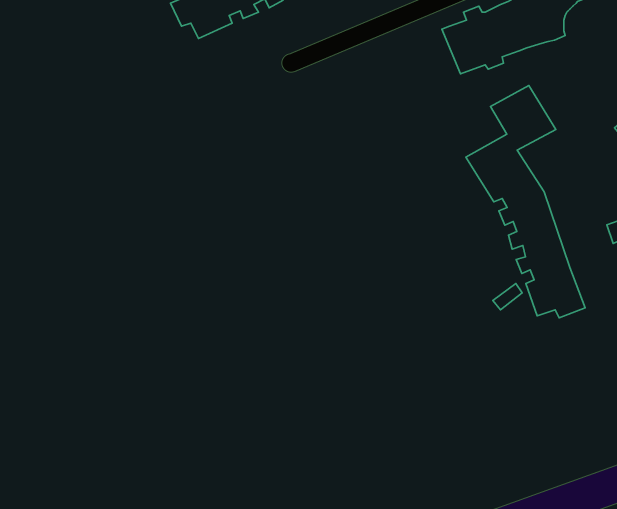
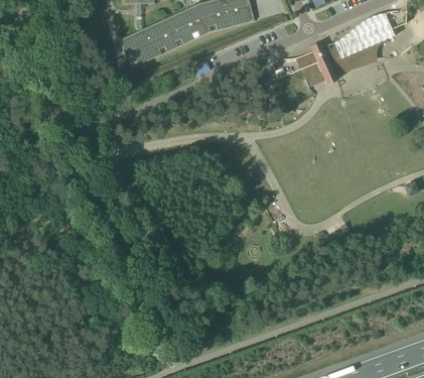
building: [466,86,585,318] -> none

